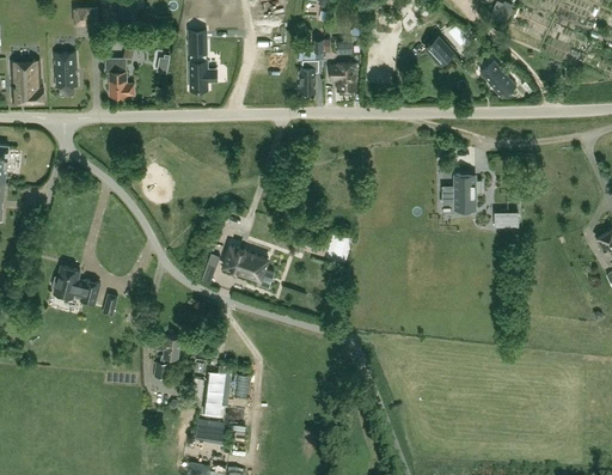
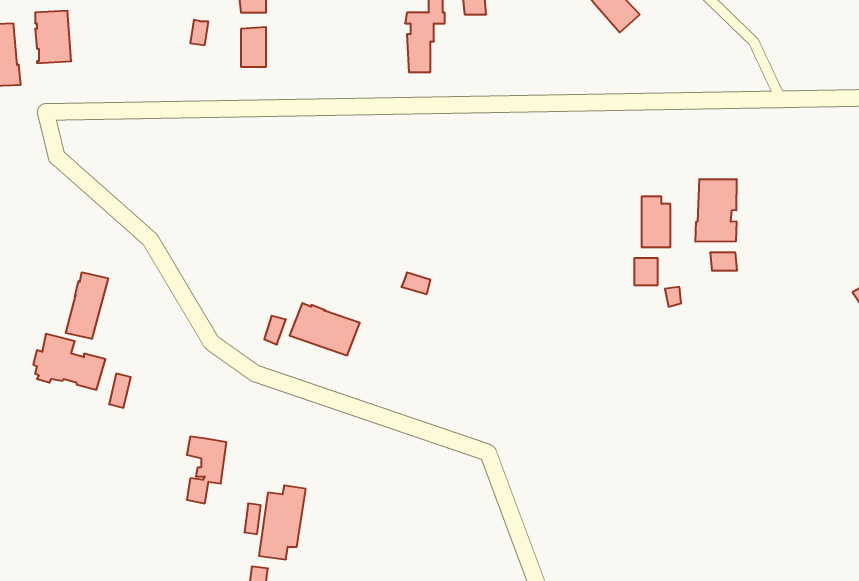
building: [106,60,135,96] -> none
building: [482,61,518,99] -> none
building: [331,63,357,92] -> none
building: none -> [695,179,737,242]
building: none -> [66,272,108,339]

